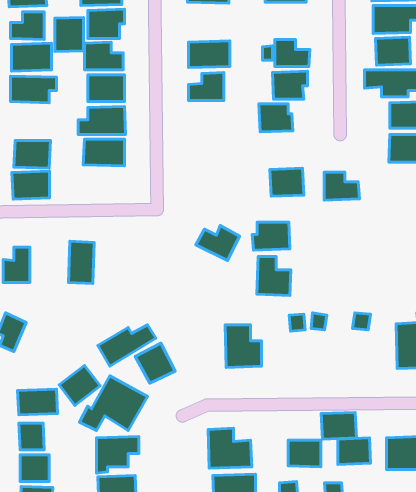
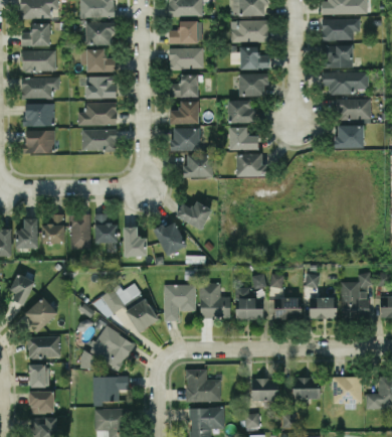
building: none -> [230,19,268,42]
building: none -> [169,21,202,42]
building: [55,18,83,52] -> none
building: none -> [169,101,198,124]
building: none -> [169,127,200,150]
building: [12,171,50,199] -> [23,103,54,126]
building: [324,172,359,200] -> [229,127,258,150]
building: [252,222,290,250] -> [182,154,213,177]
building: none -> [94,213,117,243]
building: none -> [42,214,63,244]
building: none -> [153,221,186,256]
building: [257,257,291,295] -> [235,287,263,319]
building: none -> [123,227,147,256]
building: none -> [163,284,196,320]
building: none -> [310,297,335,318]
building: [59,365,100,405] -> [23,297,57,330]
building: [321,412,356,439] -> [272,297,302,319]

